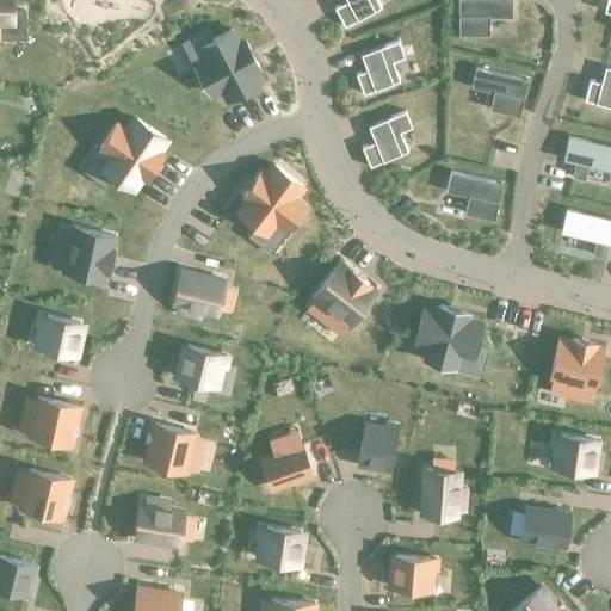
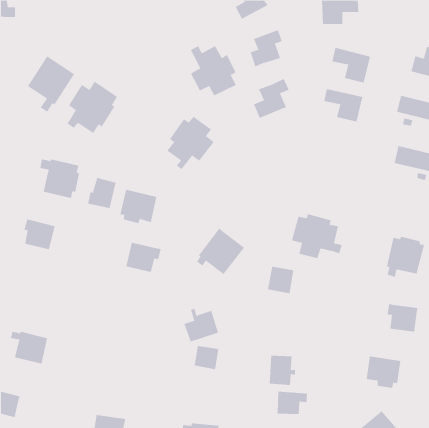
building: [195,31,260,103] -> [190,46,236,96]
building: none -> [27,56,75,112]
building: [446,175,502,223] -> [323,89,363,122]
building: none -> [88,177,116,209]
building: [307,263,376,329] -> [196,228,245,275]
building: [26,396,79,450] -> none
building: [144,424,199,474] -> none
building: [358,430,396,469] -> [267,266,294,294]
building: [424,473,462,516] -> [269,355,296,386]
building: [135,504,181,545] -> none
building: [263,531,298,566] -> [194,345,219,370]

